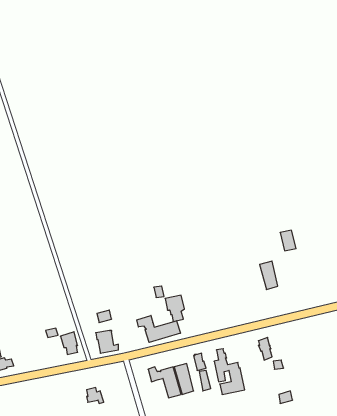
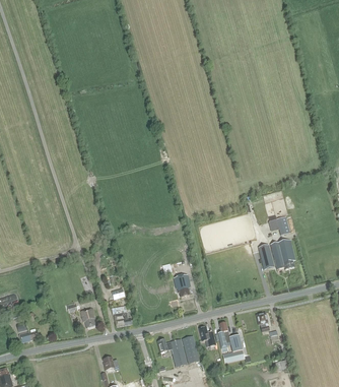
building: none -> [269,239,294,269]
building: [137,315,180,342] -> none

